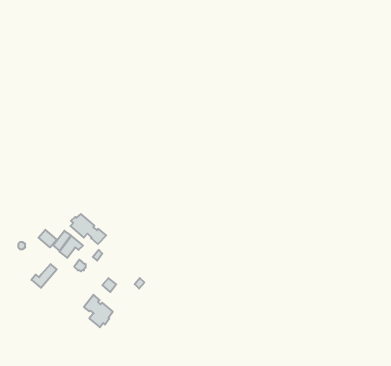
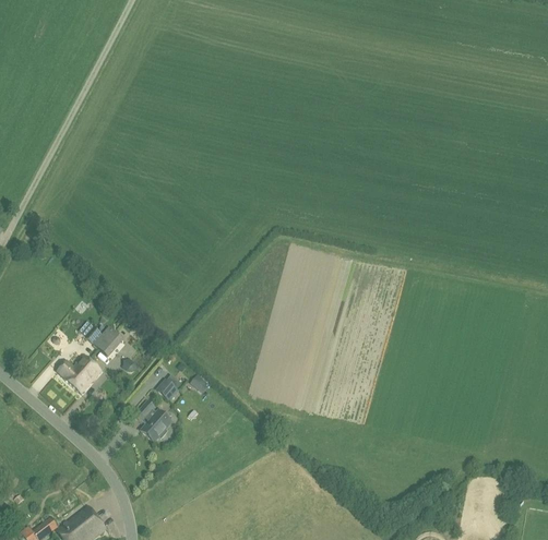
building: [70,214,106,244] -> none
building: none -> [57,355,93,383]

